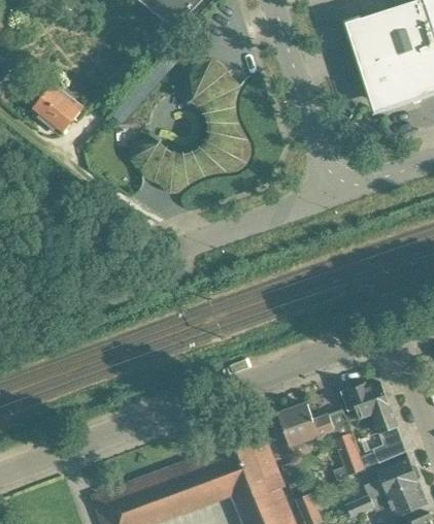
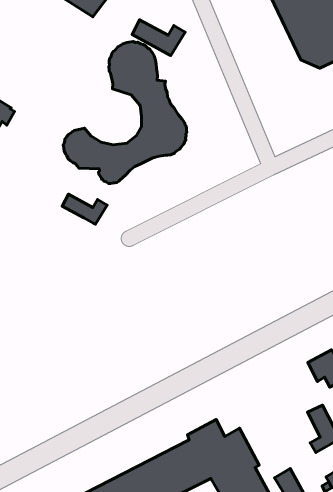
building: none -> [132,20,185,55]
building: none -> [62,194,107,224]
building: [279,404,335,446] -> none

